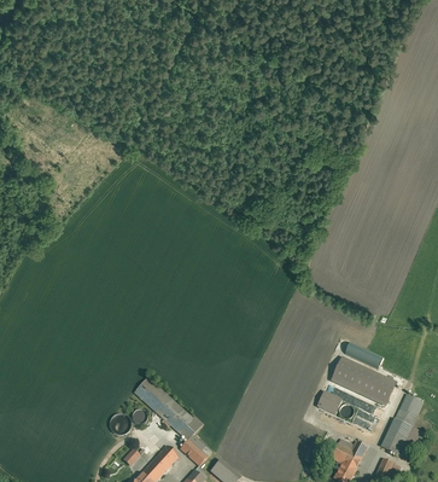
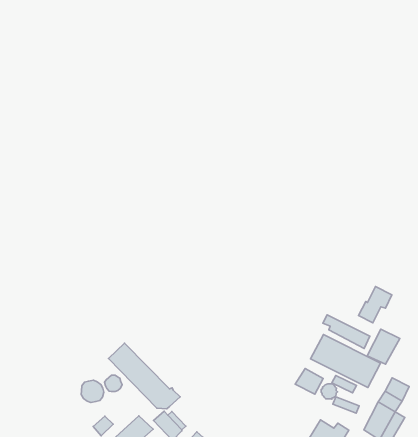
building: none -> [358,287,392,323]
building: none -> [367,329,400,364]

